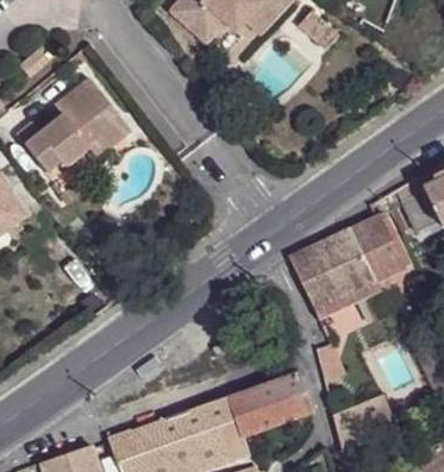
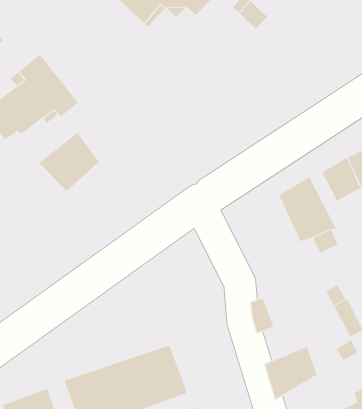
building: none -> [38,132,100,192]
building: [292,231,379,321] -> none
building: [229,371,314,438] -> none

